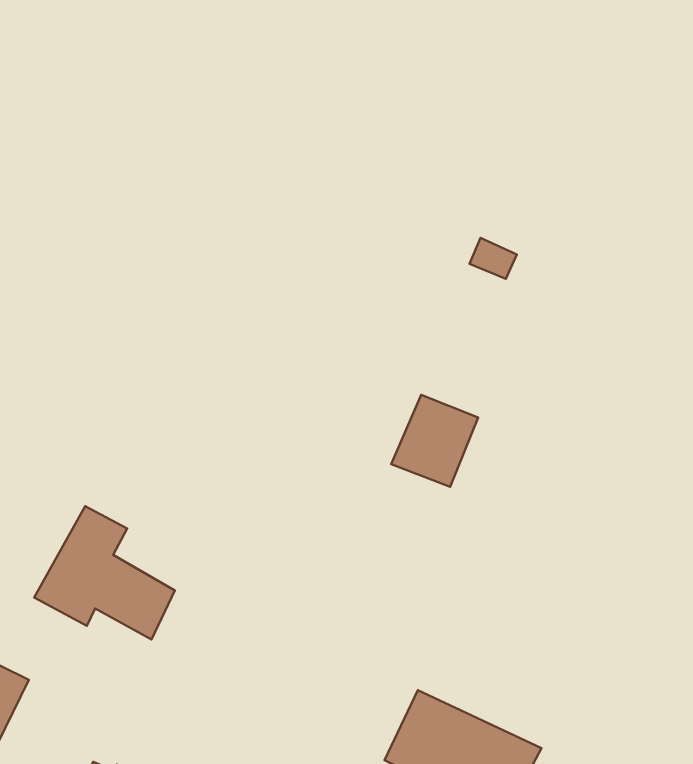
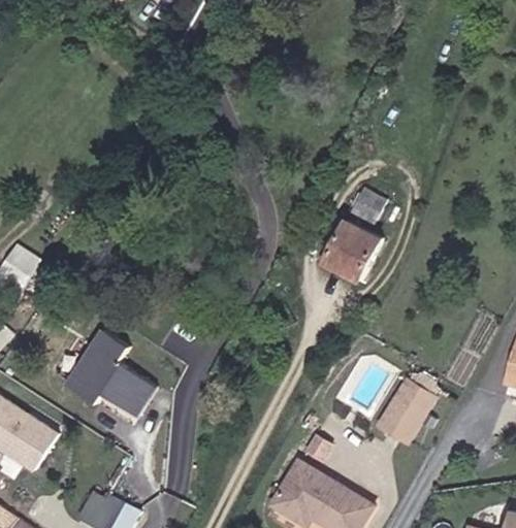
building: [391,395,478,487] -> [324,221,381,279]
building: none -> [379,381,432,440]

